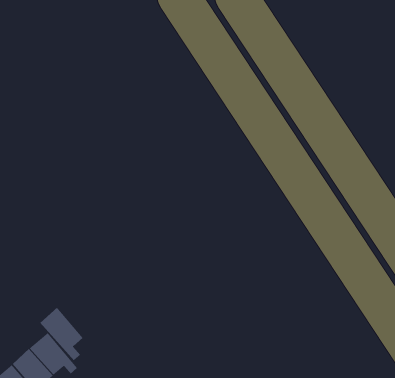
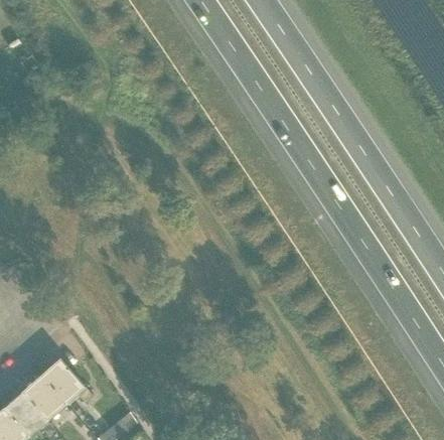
building: [39,307,83,361] -> none

